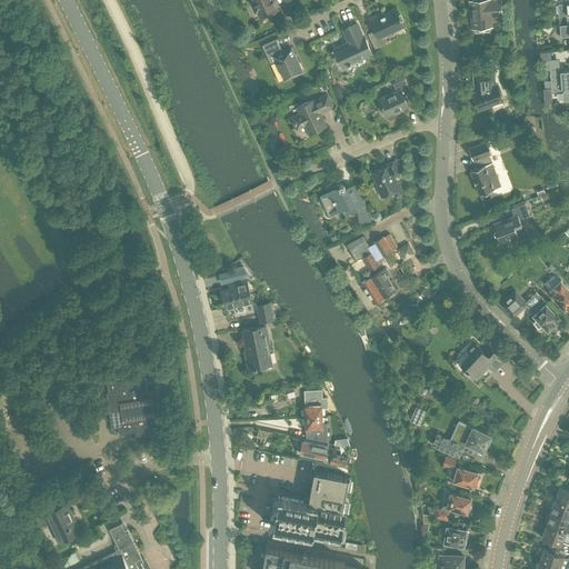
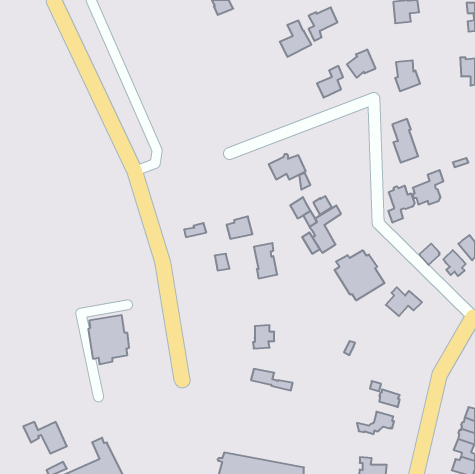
building: [262,40,302,81] -> none
building: none -> [347,49,375,78]
building: [291,96,333,134] -> none
building: [371,161,403,198] -> none
building: none -> [388,186,414,223]
building: [221,282,252,309] -> [227,216,253,239]
building: none -> [335,250,384,300]
building: [243,328,271,370] -> [254,243,277,278]
building: [303,417,328,443] -> none
building: [432,426,491,458] -> none
building: [272,472,347,540] -> none
building: [439,521,467,546] -> none

